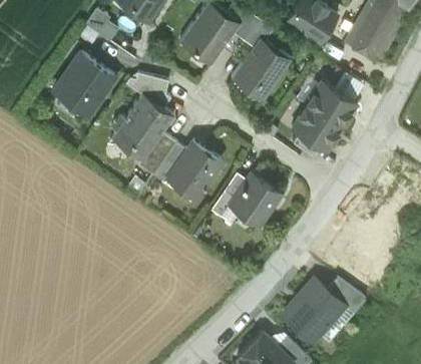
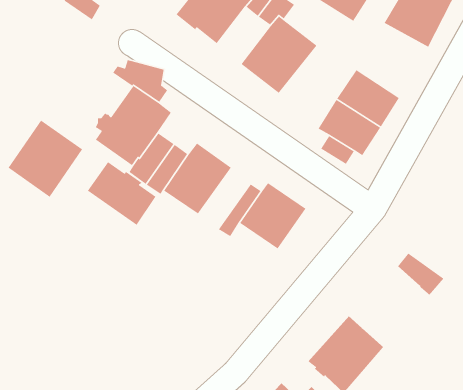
building: [54,52,115,115] -> [7,119,83,198]
building: none -> [87,161,157,226]
building: [327,279,365,314] -> [397,252,444,296]

